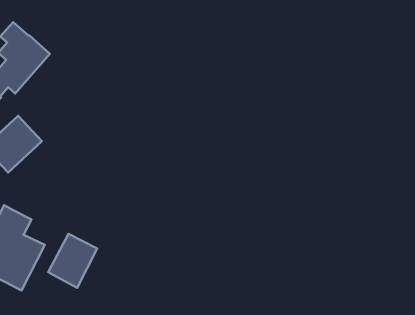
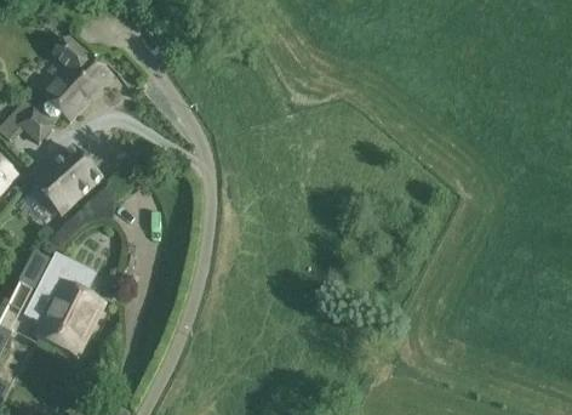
building: [48,234,97,288] -> none

